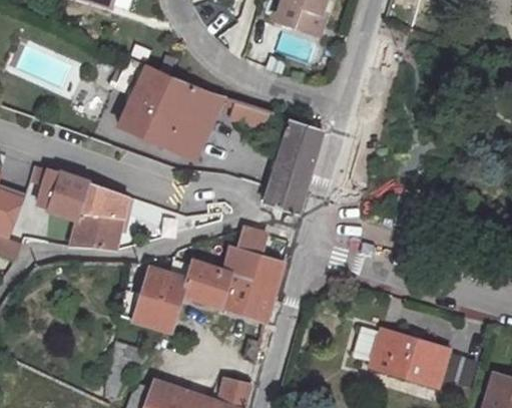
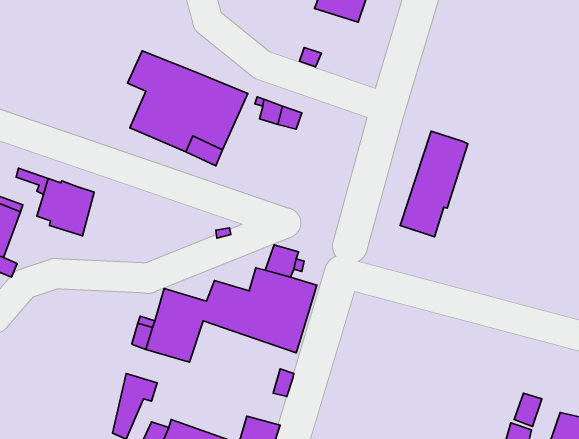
building: [264,120,323,213] -> [400,131,468,237]
building: [70,181,129,249] -> none
building: [354,329,448,386] -> none

